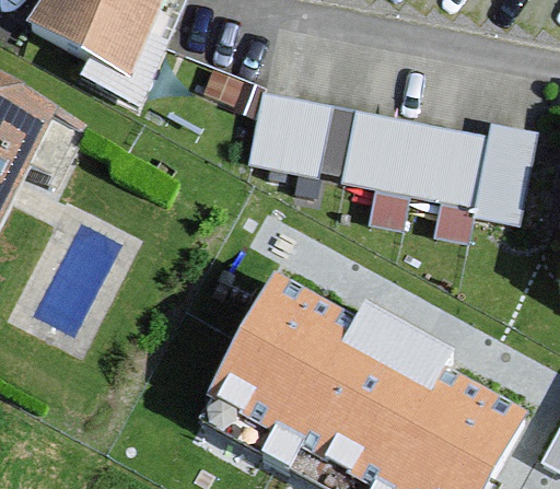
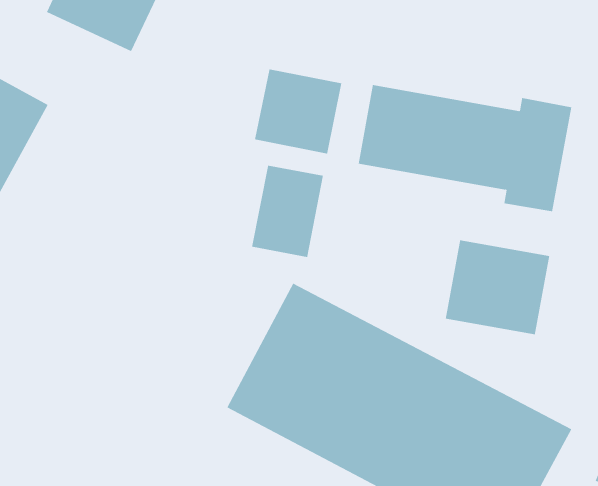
building: none -> [252,165,324,258]
building: none -> [445,240,550,335]

